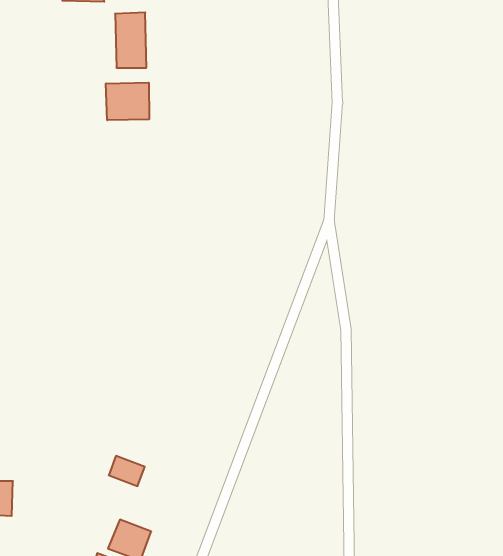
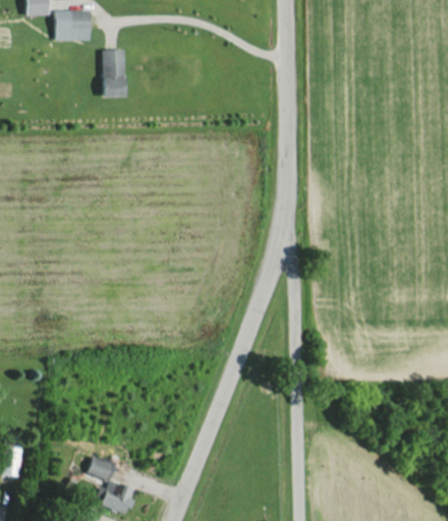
building: [106,83,149,120] -> none
building: [109,456,145,486] -> [81,456,112,481]

